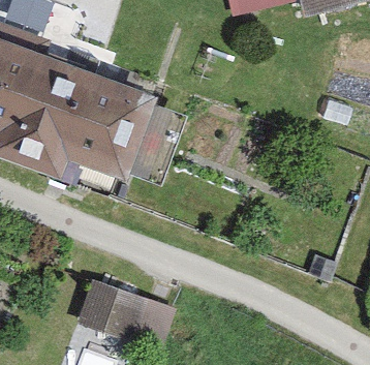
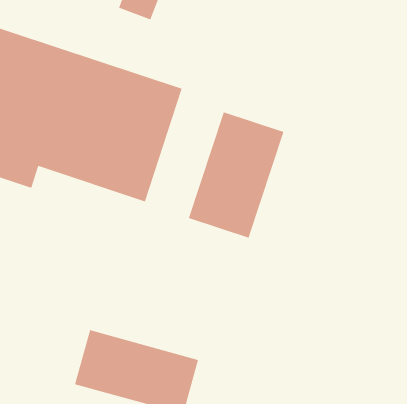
building: none -> [188,111,284,239]

